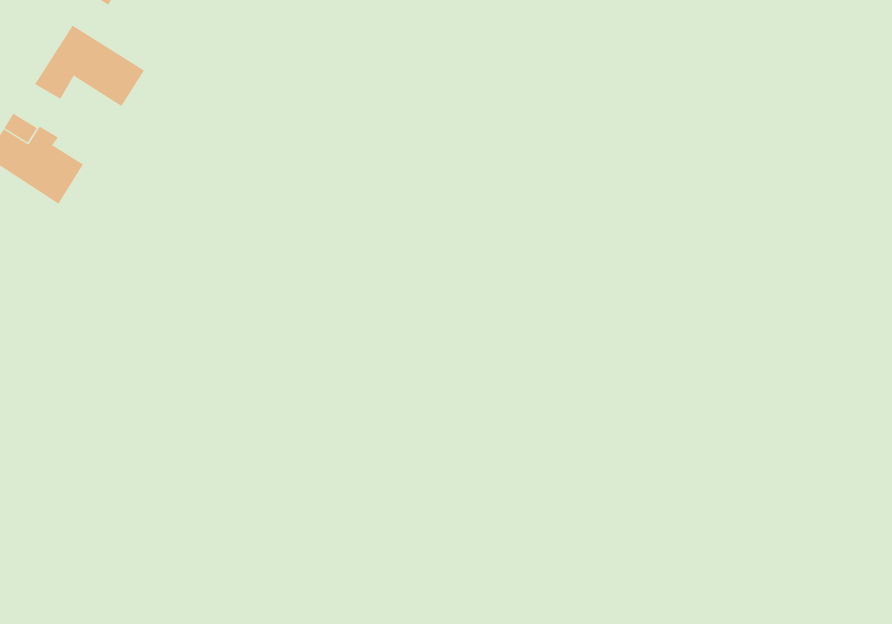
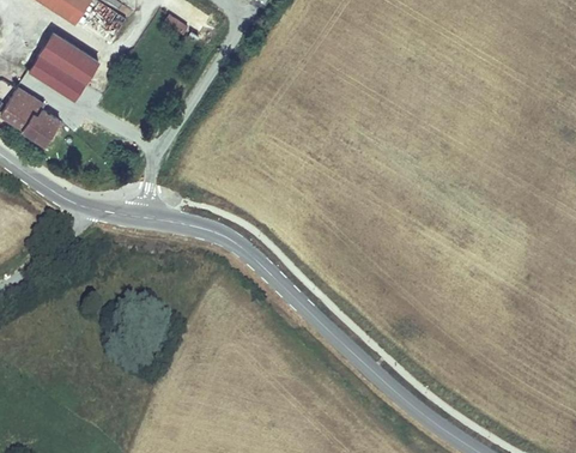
building: none -> [46,67,84,101]

